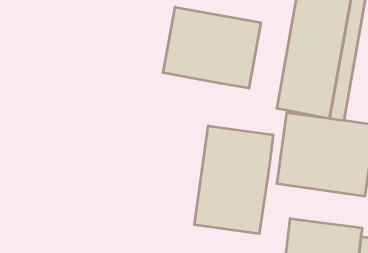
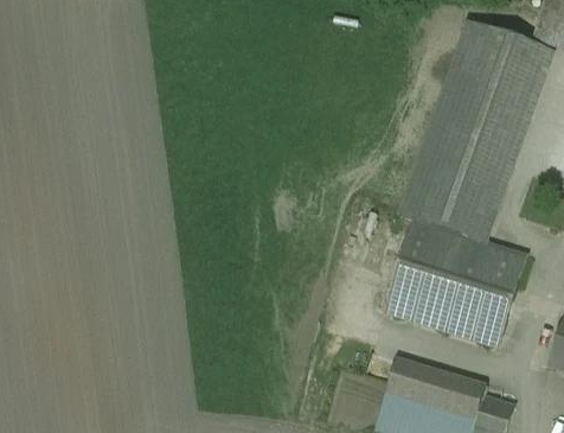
building: [163,7,261,88] -> none
building: [194,126,273,234] -> none

